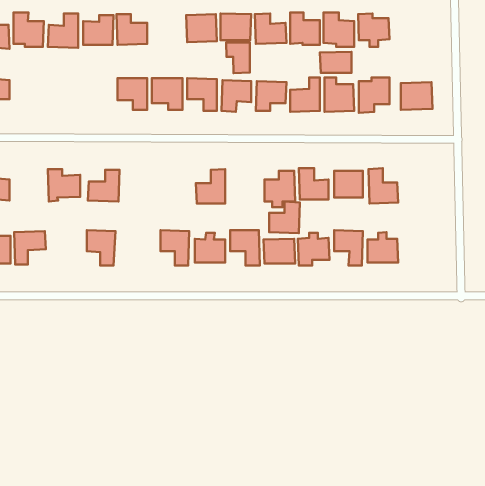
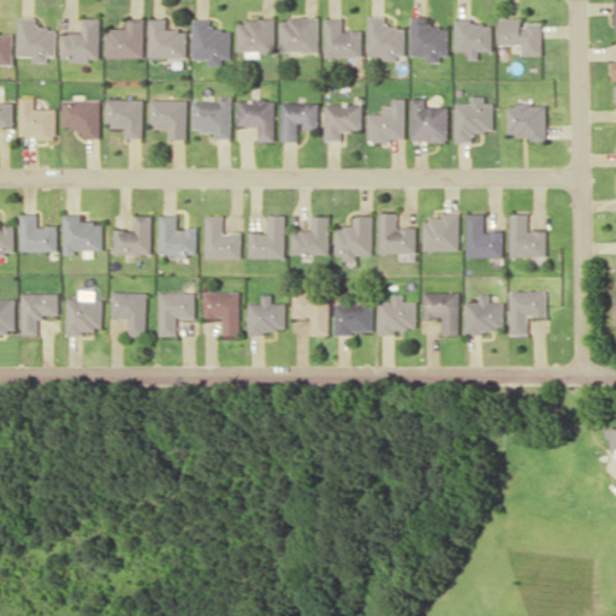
building: none -> [497,19,540,57]
building: none -> [190,20,230,66]
building: [226,43,250,73] -> none
building: [320,52,351,73] -> none
building: none -> [18,97,54,142]
building: none -> [105,100,142,140]
building: none -> [60,101,100,140]
building: none -> [18,214,55,253]
building: none -> [508,214,545,259]
building: none -> [158,217,196,256]
building: none -> [203,217,241,260]
building: [269,202,300,233] -> [290,217,328,256]
building: none -> [507,292,544,337]
building: none -> [156,294,194,337]
building: none -> [64,300,101,337]

